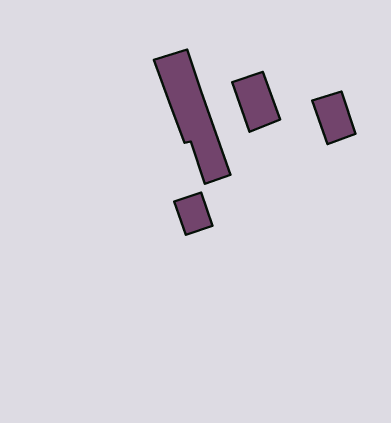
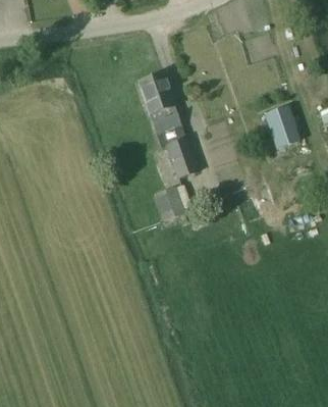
building: [232,72,280,132] -> none

